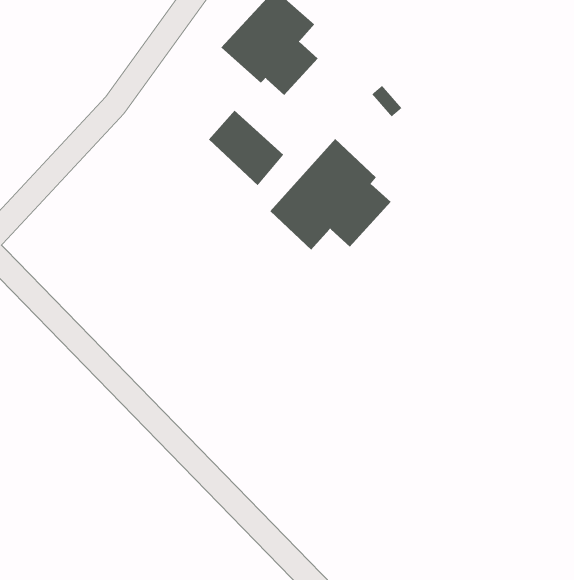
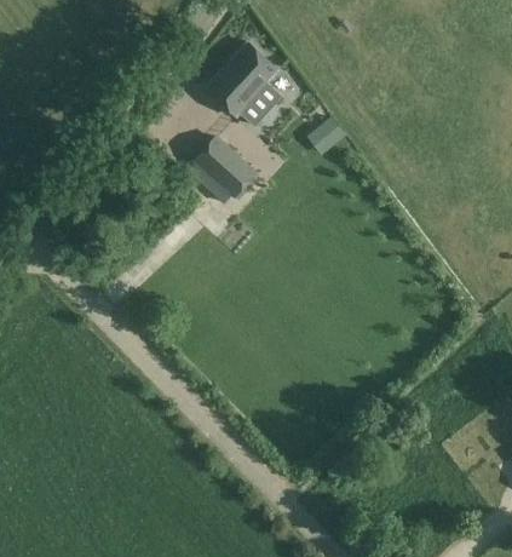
building: [269,138,391,250] -> none

